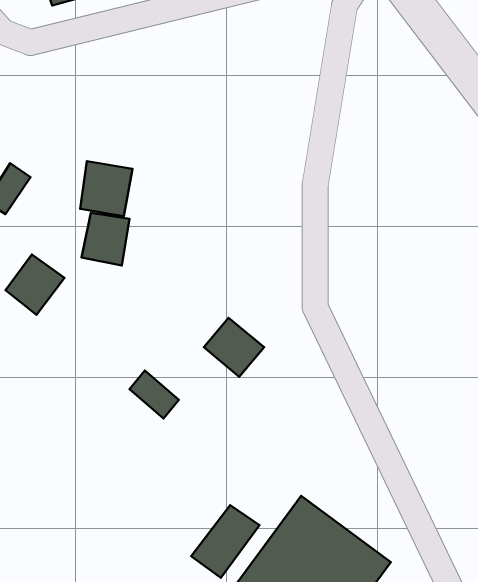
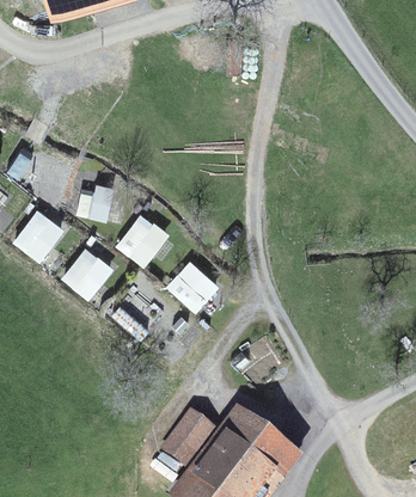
building: [80,161,133,216] -> none
building: none -> [117,215,164,263]
building: none -> [63,251,110,297]

